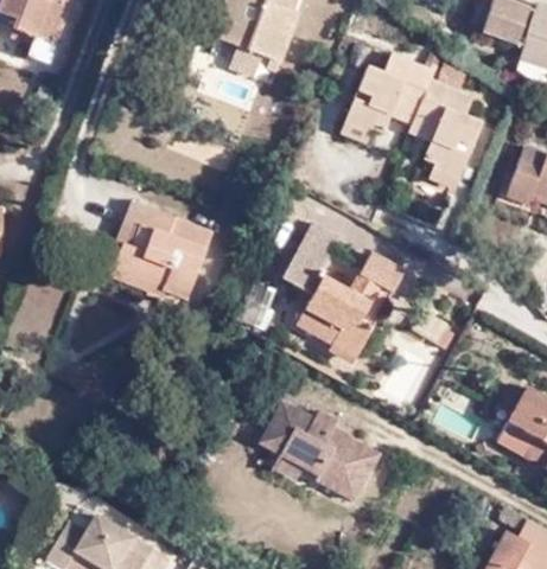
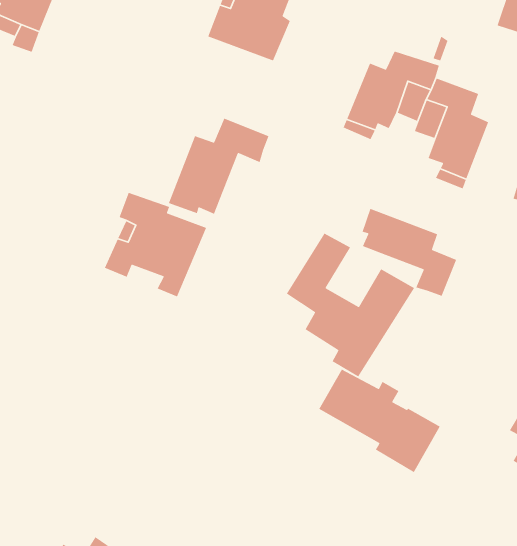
building: none -> [168,118,269,215]
building: none -> [361,208,457,297]
building: [260,405,379,506] -> [318,369,441,473]

